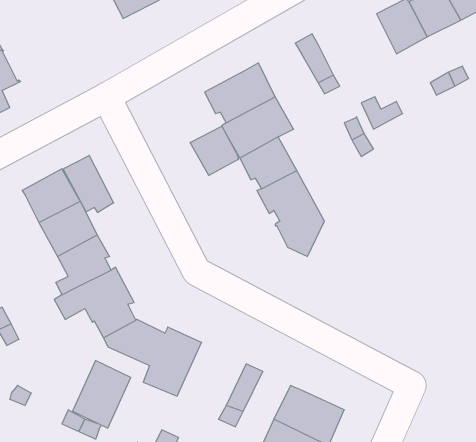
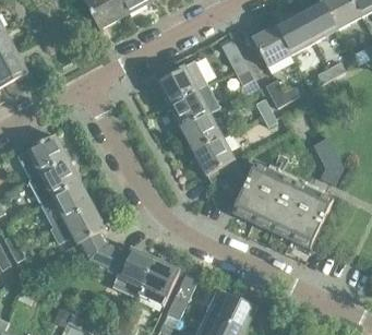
building: none -> [252,25,292,68]
building: [190,126,238,175] -> none
building: [63,155,114,212] -> none
building: none -> [313,137,343,186]
building: none -> [232,164,333,250]
building: [72,361,131,428] -> [137,259,179,307]

